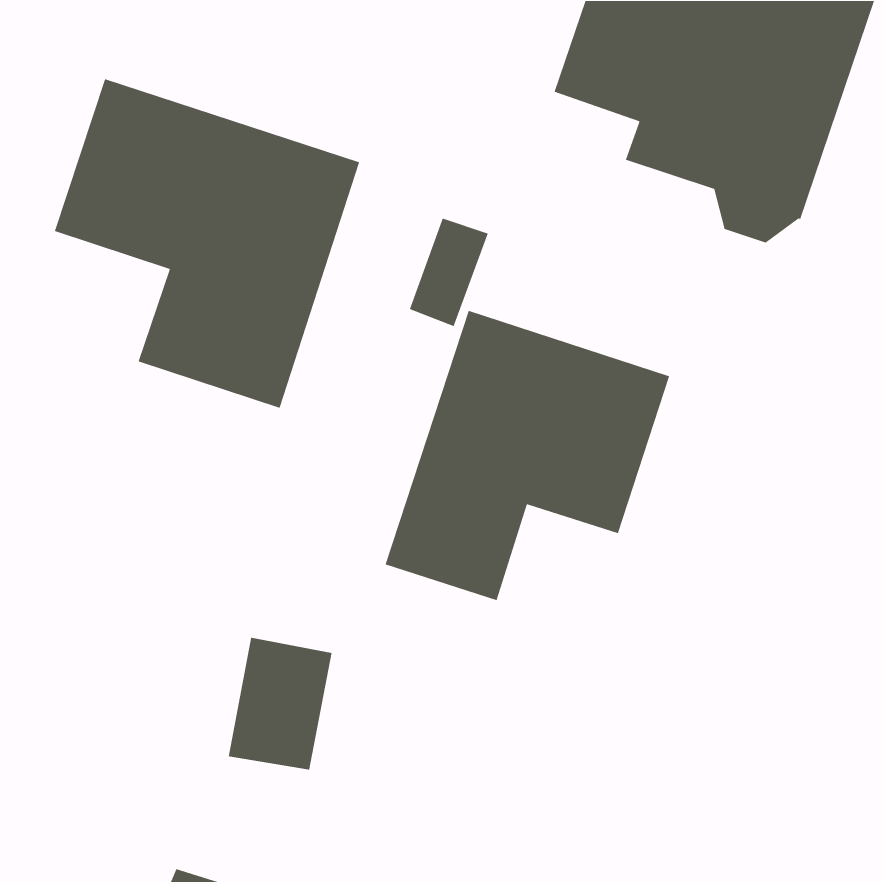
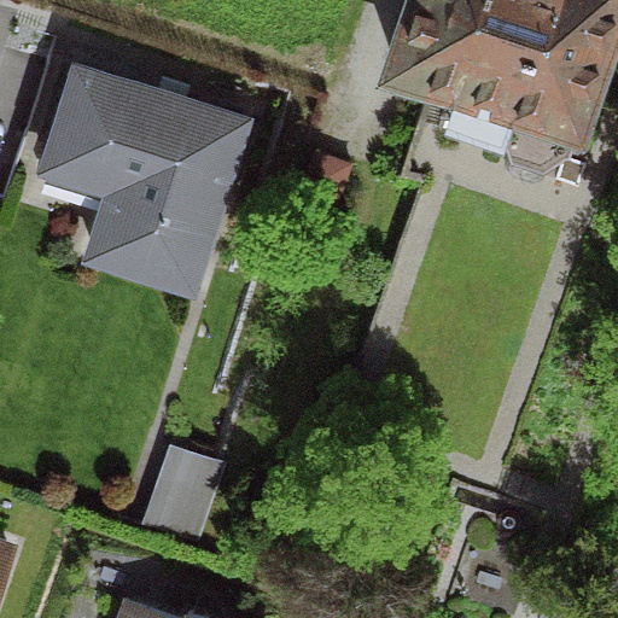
building: [385,310,670,601] -> none

